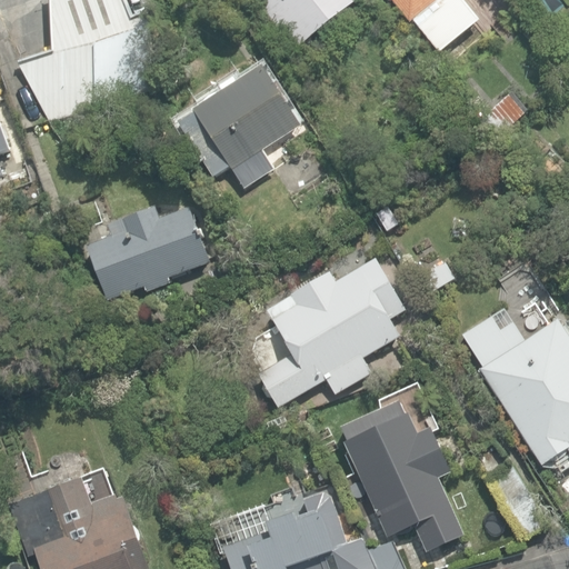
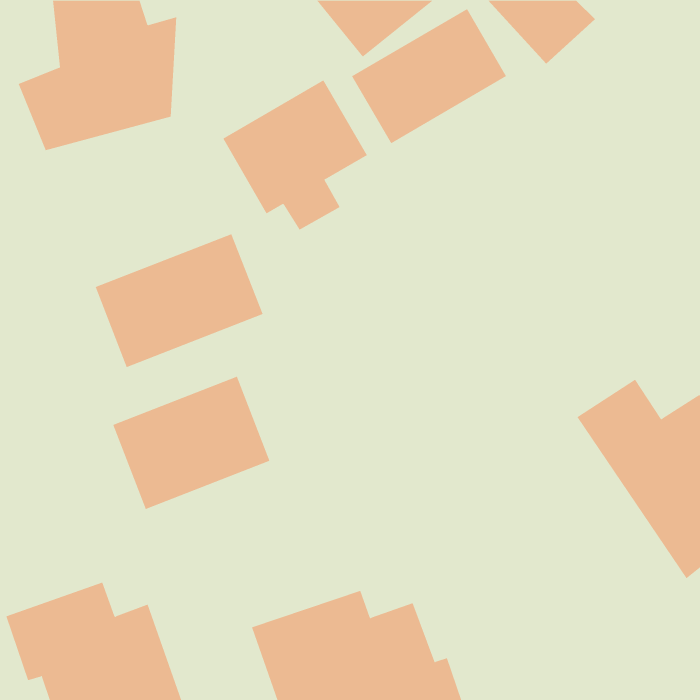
building: none -> [351,8,507,144]
building: [247,247,405,406] -> none
building: none -> [112,376,270,510]
building: [332,381,467,561] -> none

